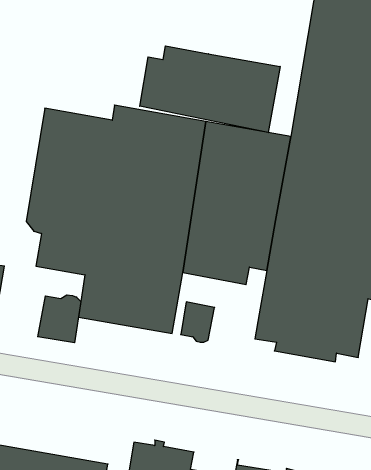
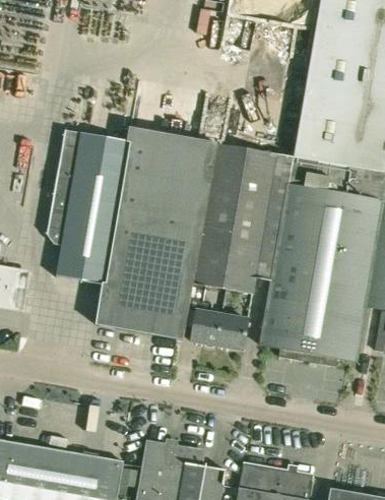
building: [140,46,280,133] -> none
building: [38,295,81,343] -> none
building: none -> [216,315,248,350]

